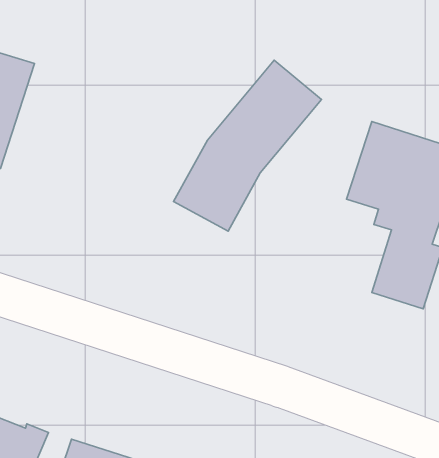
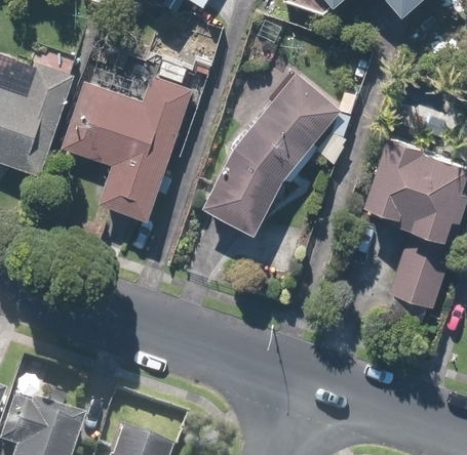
building: none -> [57,78,190,219]

